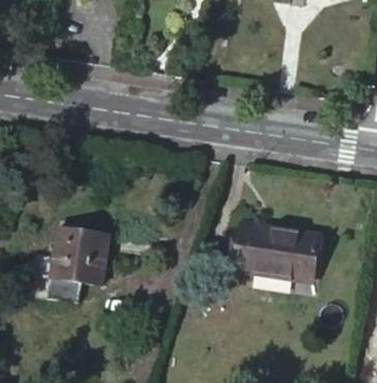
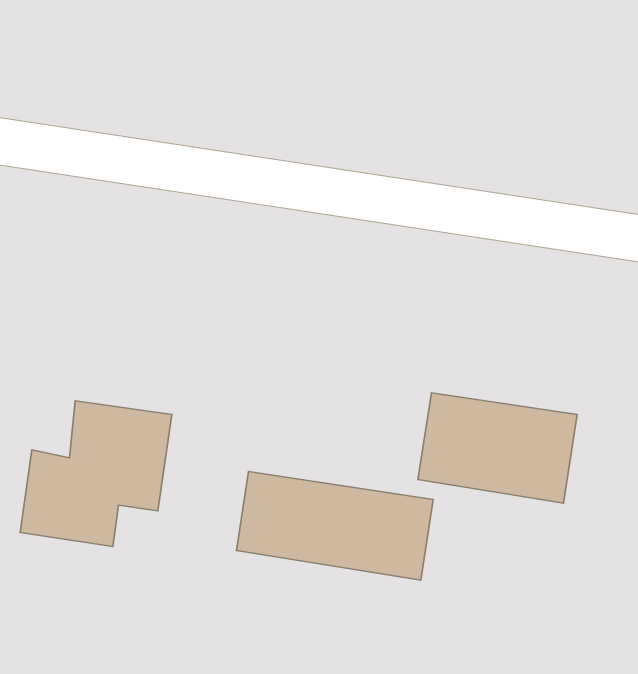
building: none -> [237,471,433,580]

